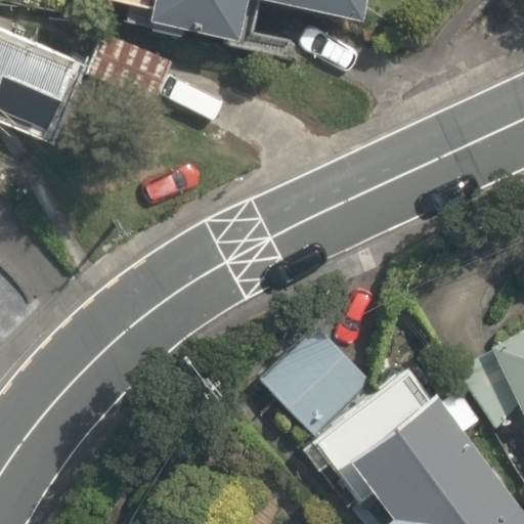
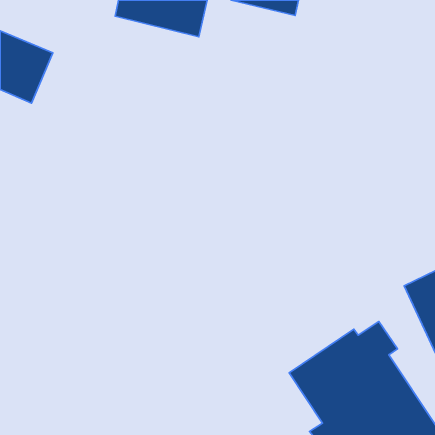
building: [253,319,362,428] -> none

